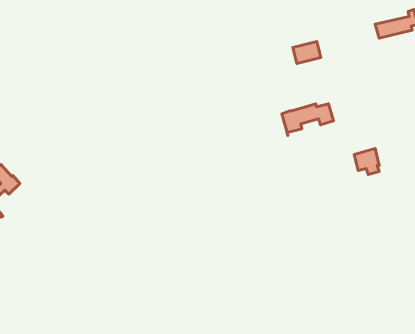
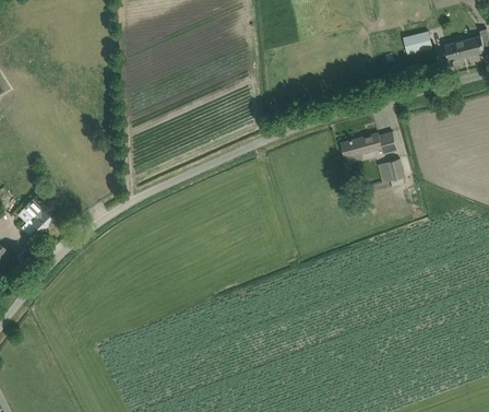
building: [293,42,321,63] -> [401,31,431,55]
building: [354,149,379,174] -> [375,158,403,187]

